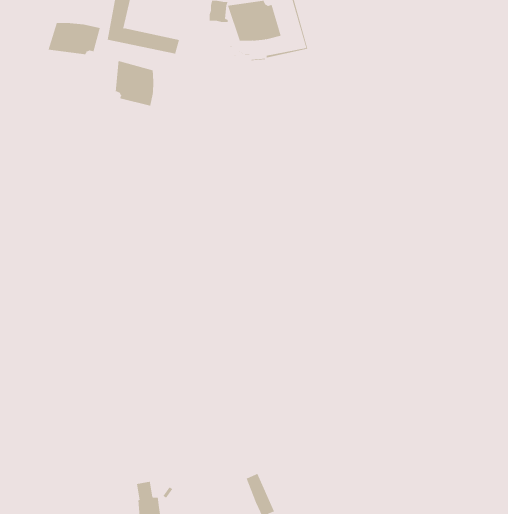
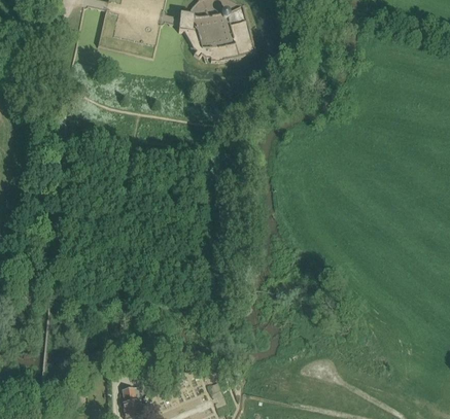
building: [48,22,101,55] -> none
building: [115,60,154,107] -> none

